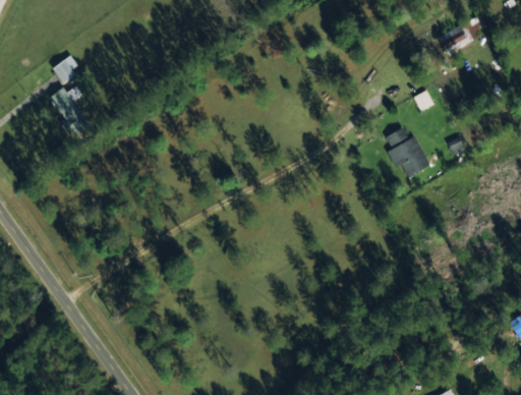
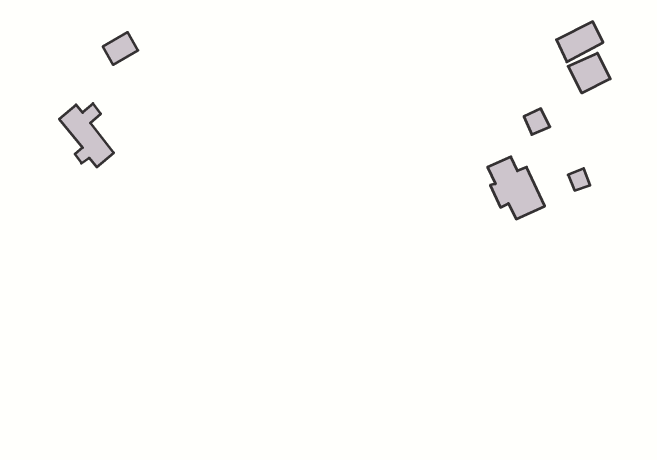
building: none -> [568,53,610,93]
building: [52,56,79,81] -> [103,32,138,65]

